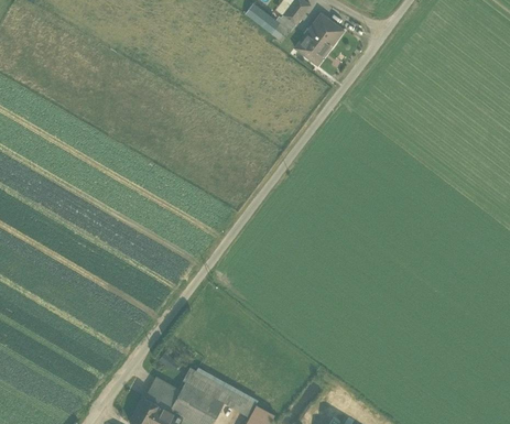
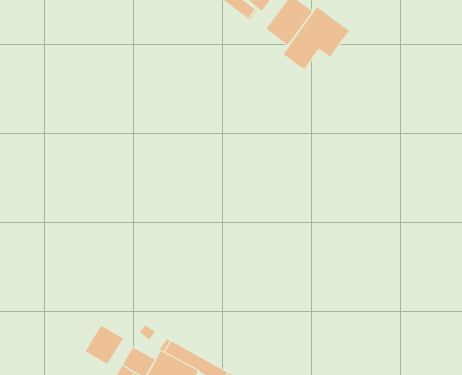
building: none -> [283,6,350,70]
building: none -> [85,325,124,365]

